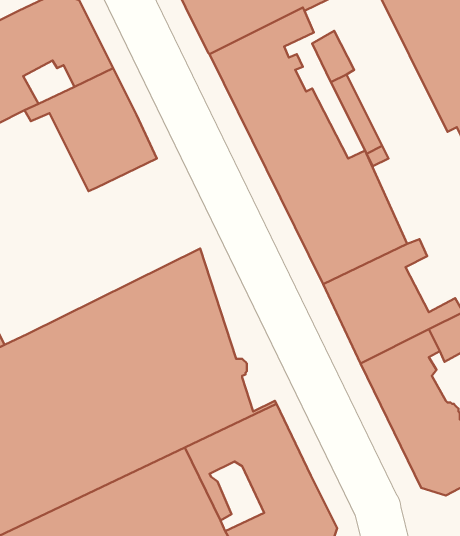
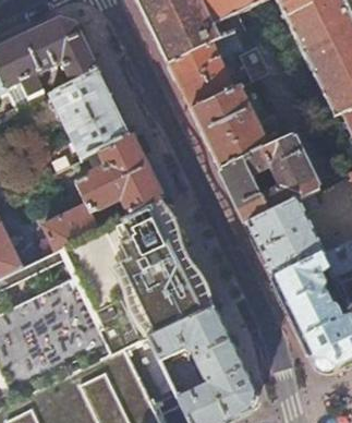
building: none -> [35,134,161,257]

